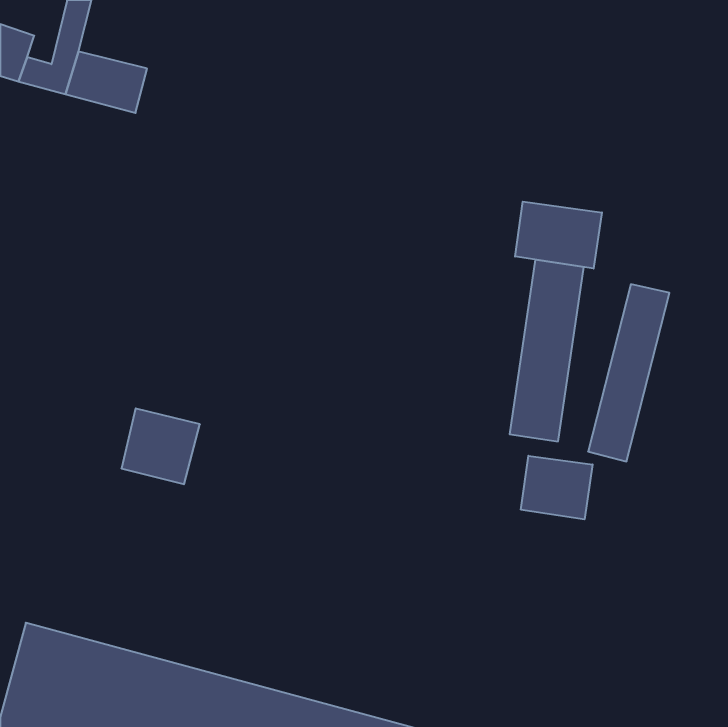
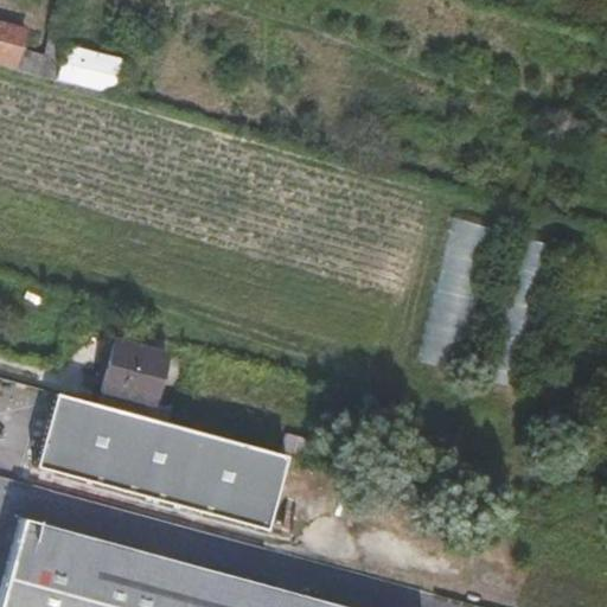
building: [515,202,602,269] -> none
building: [521,456,593,519] -> none
building: none -> [36,394,288,531]

